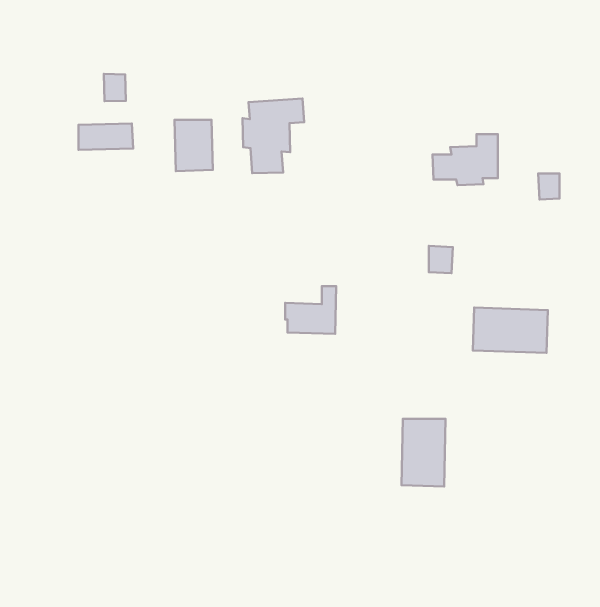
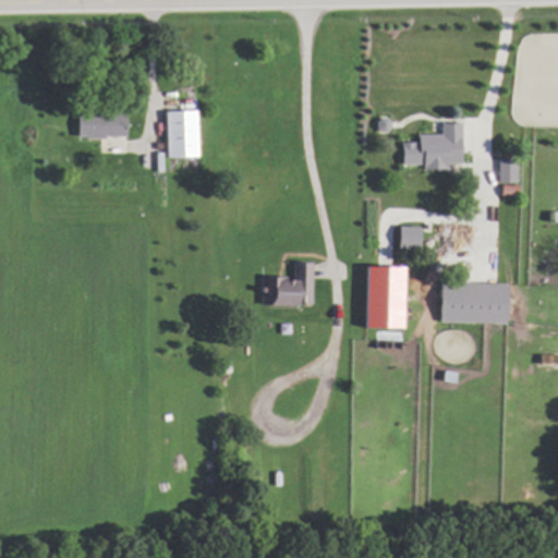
building: [104,74,126,101] -> none
building: [242,99,304,173] -> none
building: [402,419,445,486] -> [365,267,405,329]

